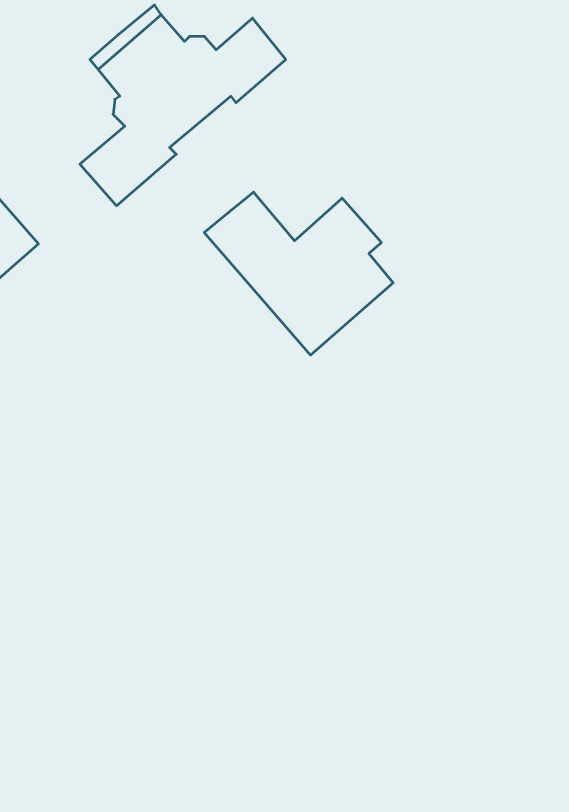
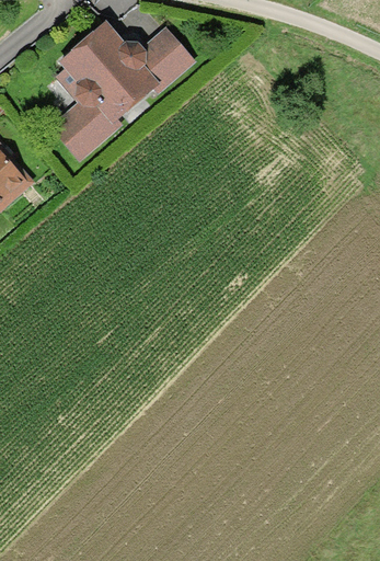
building: [204,192,393,355] -> none

